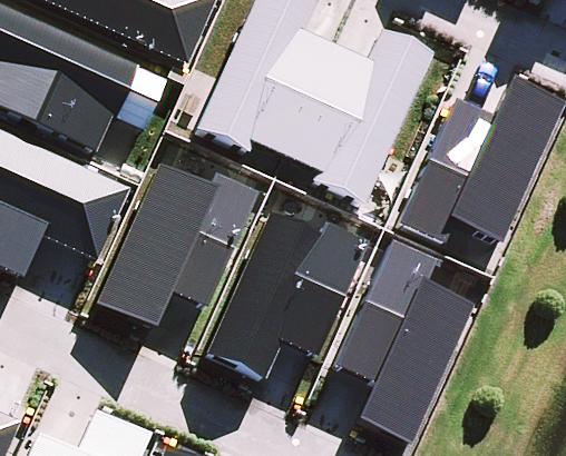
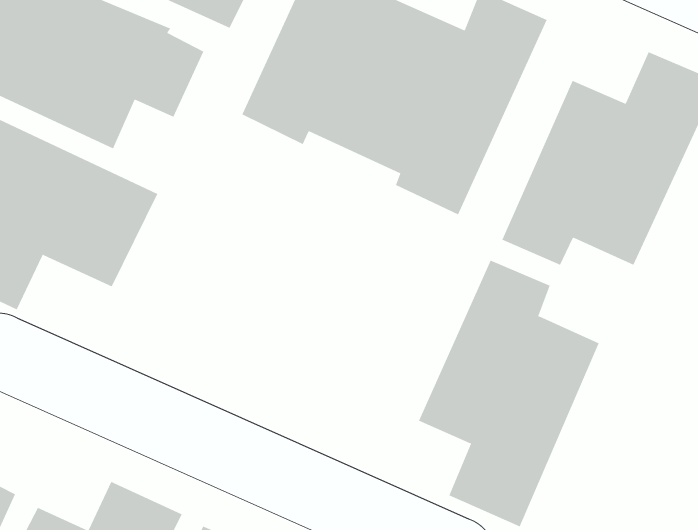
building: [97,161,261,329] -> none
building: [208,209,371,378] -> none

